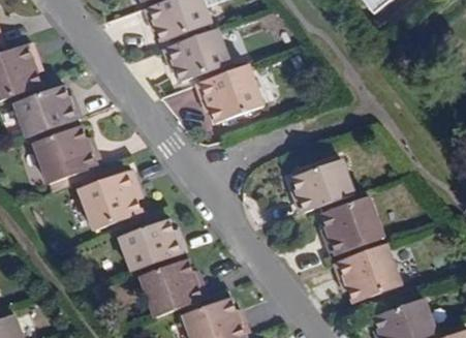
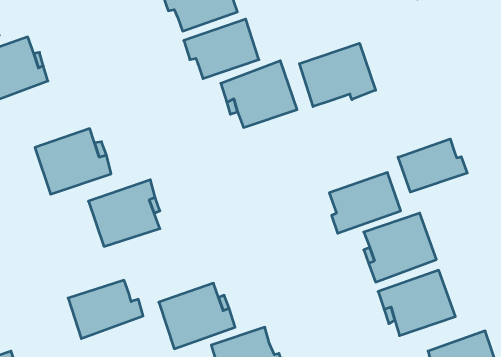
building: none -> [299,43,376,107]
building: [15,84,82,134] -> none
building: none -> [398,139,467,192]
building: [122,218,187,269] -> [68,280,143,339]

